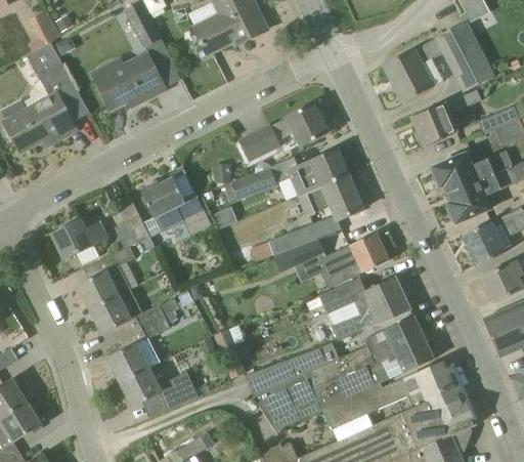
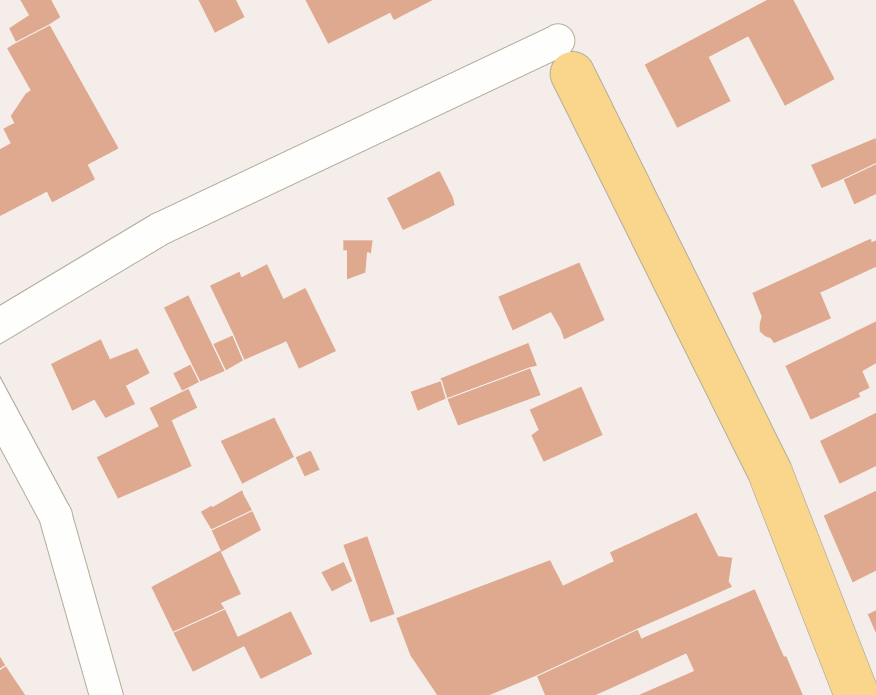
building: [95,53,166,110] -> none
building: [411,89,482,146] -> none
building: [270,103,328,146] -> none
building: [231,150,348,200] -> none
building: [433,150,509,194] -> none
building: [349,233,388,274] -> none
building: [319,277,411,340] -> none
building: [89,296,131,334] -> [220,417,295,484]

